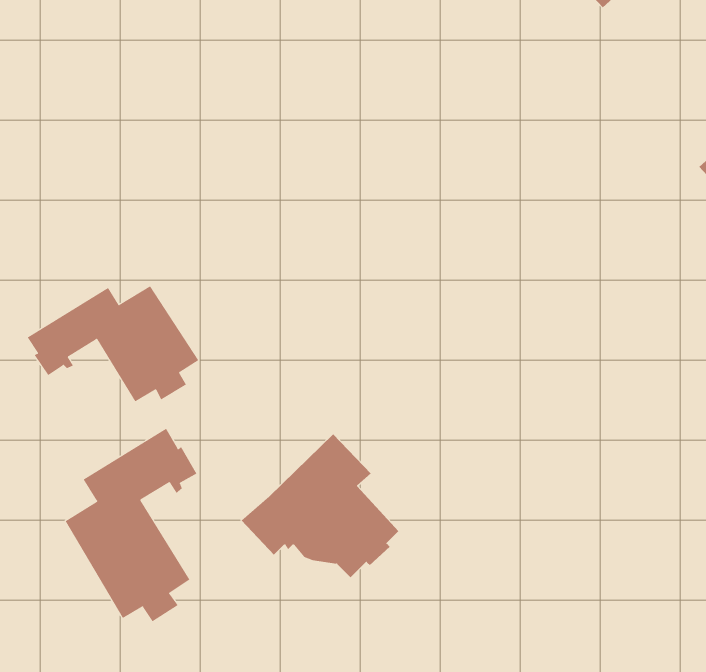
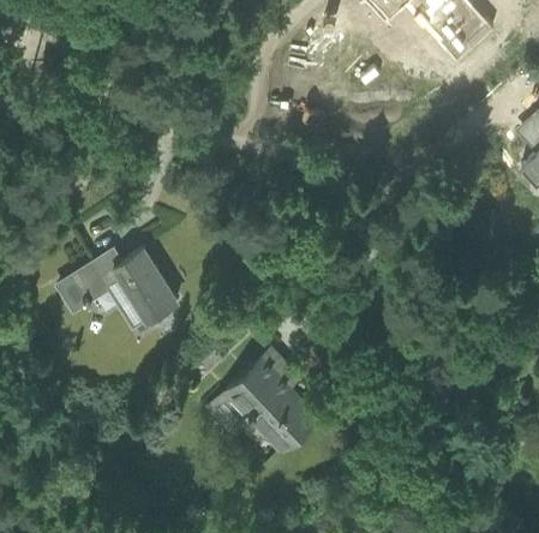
building: [65,428,197,622] -> none

